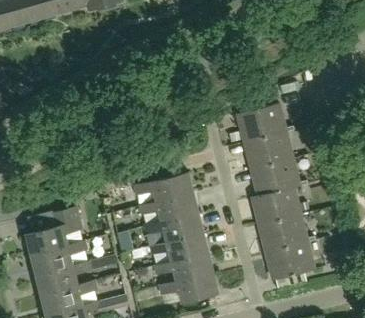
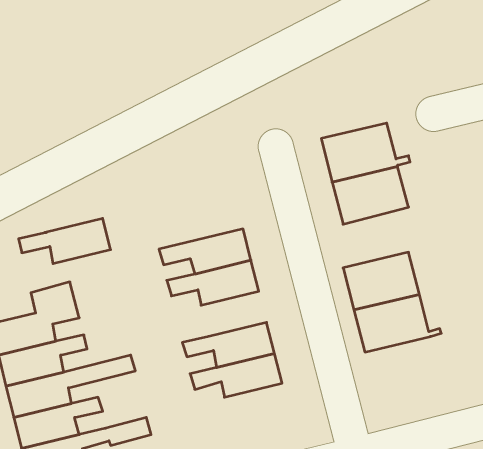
building: [251,159,307,198] -> none
building: [143,213,202,242] -> [19,218,111,264]
building: [265,242,313,289] -> none
building: [158,272,217,302] -> none

